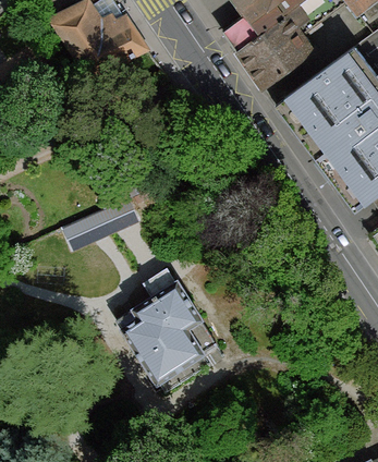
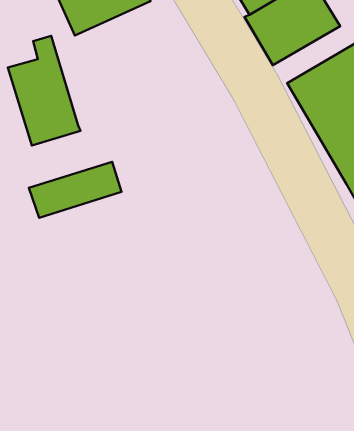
building: none -> [8,36,81,145]
building: [119,266,218,384] -> none

